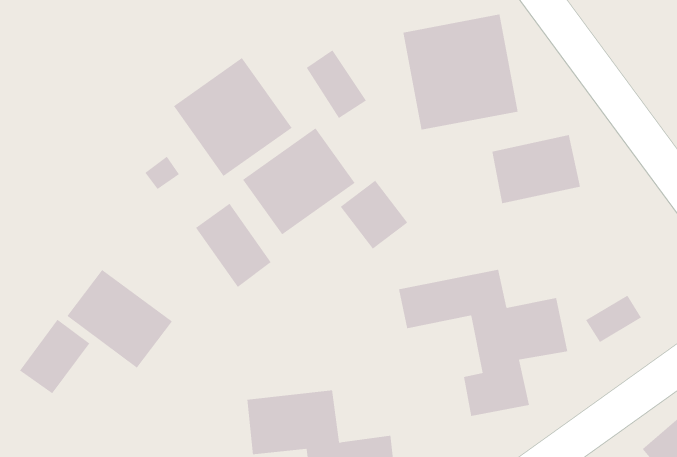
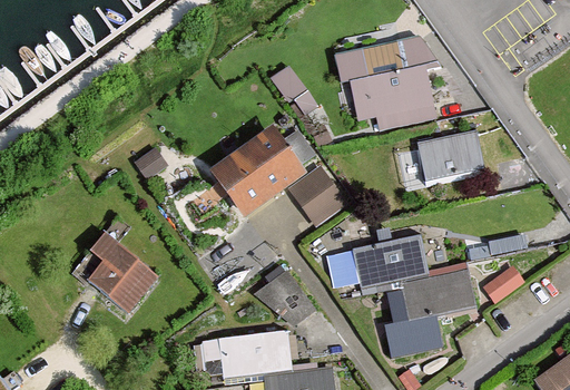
building: [173,57,293,177] -> none
building: [195,203,272,288] -> none
building: none -> [256,269,316,323]
building: [19,319,90,394] -> none

